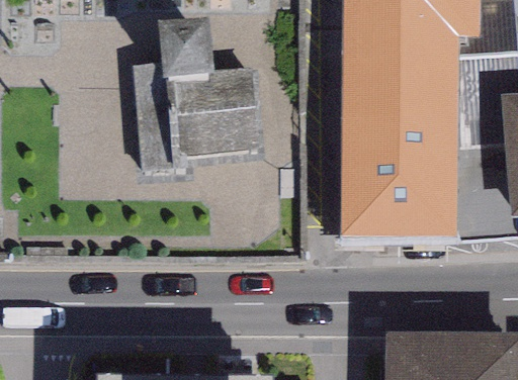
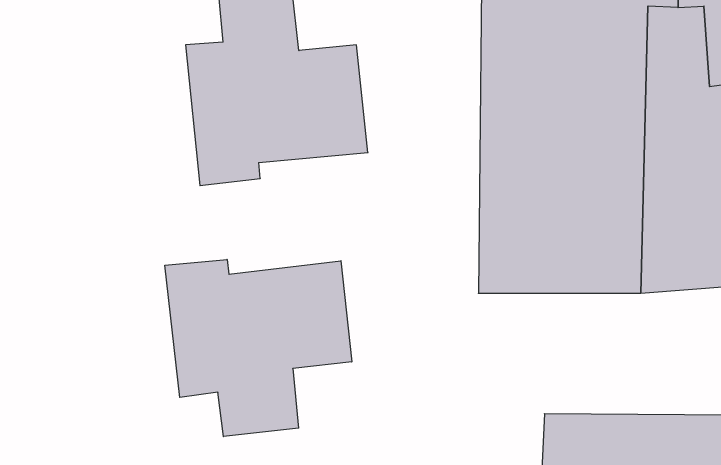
building: none -> [165,259,352,437]

